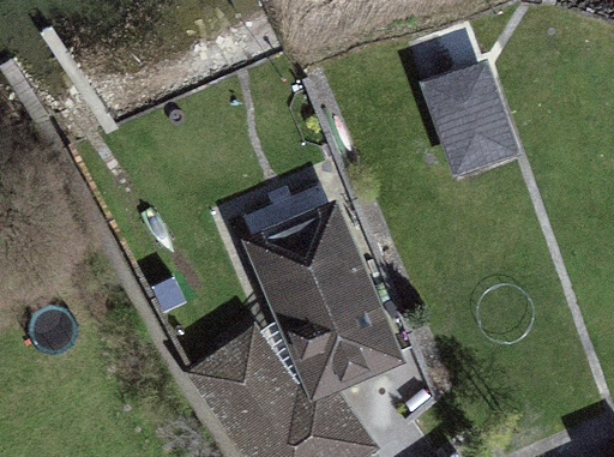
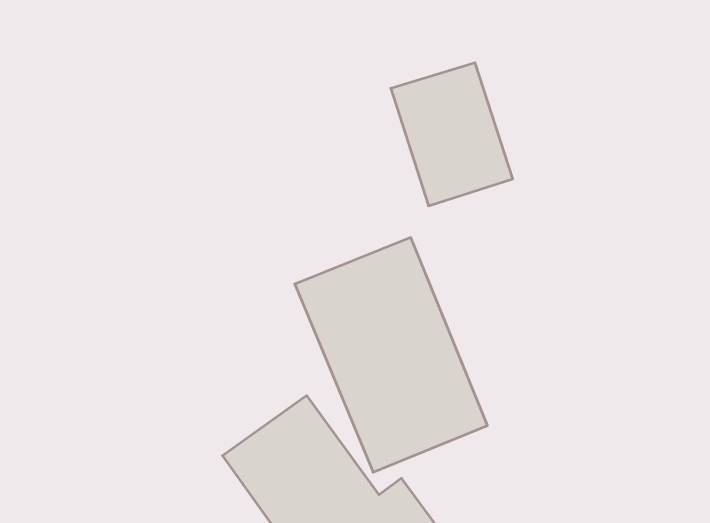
building: [422,62,519,176] -> [391,63,513,206]

